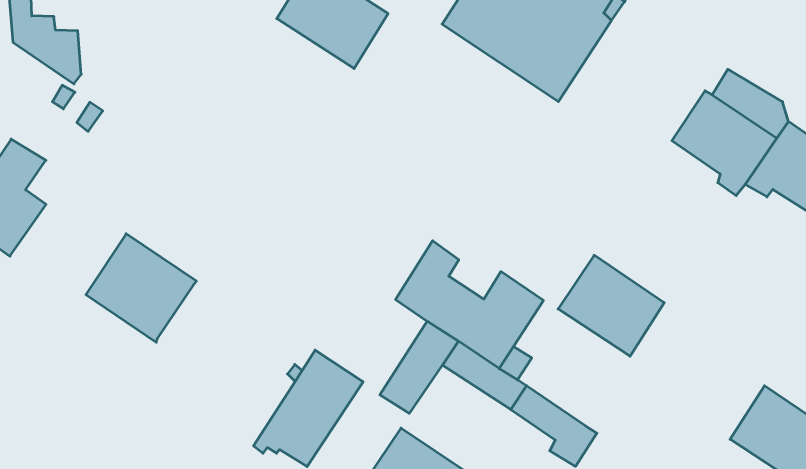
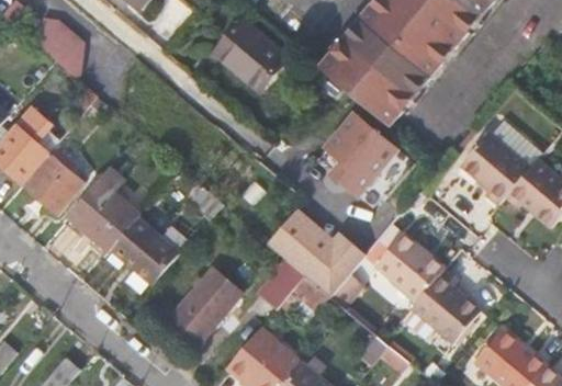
building: none -> [315,116,390,193]
building: none -> [23,152,82,213]
building: none -> [112,218,182,286]
building: none -> [411,273,476,339]

